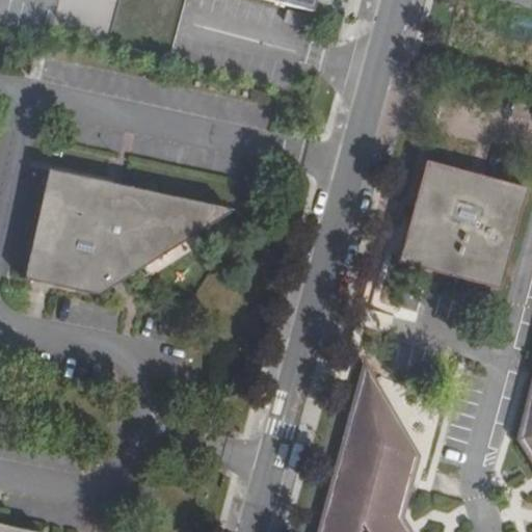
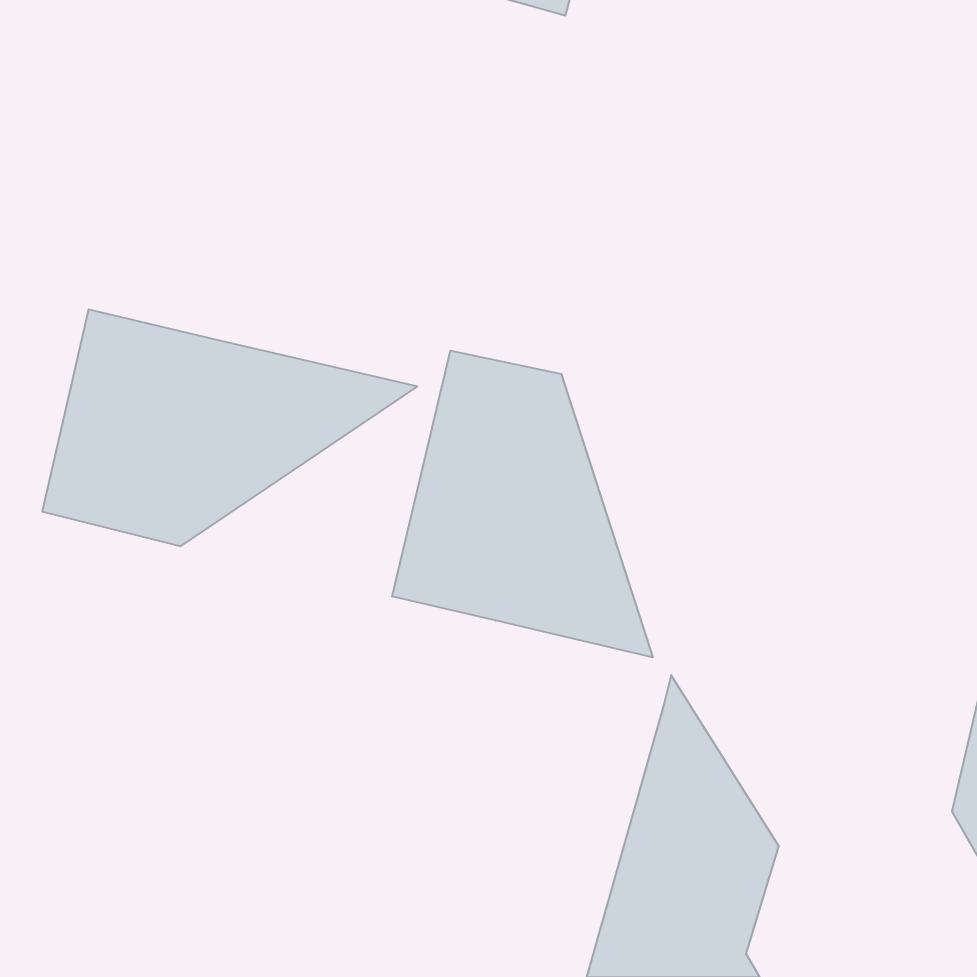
building: [399,162,527,288] -> none
building: none -> [392,351,653,657]

